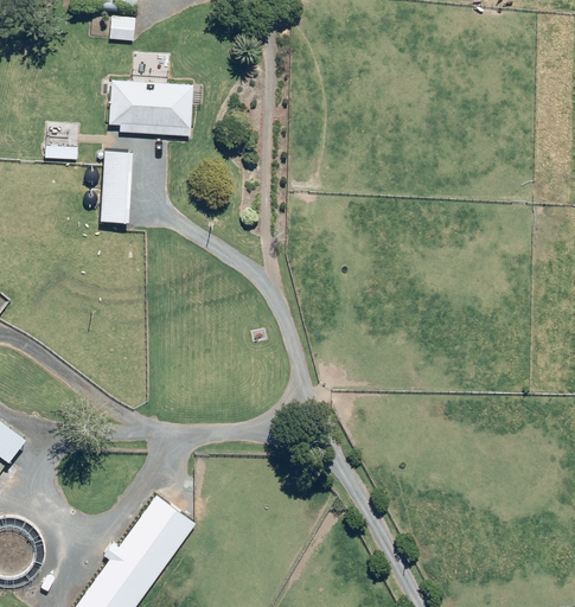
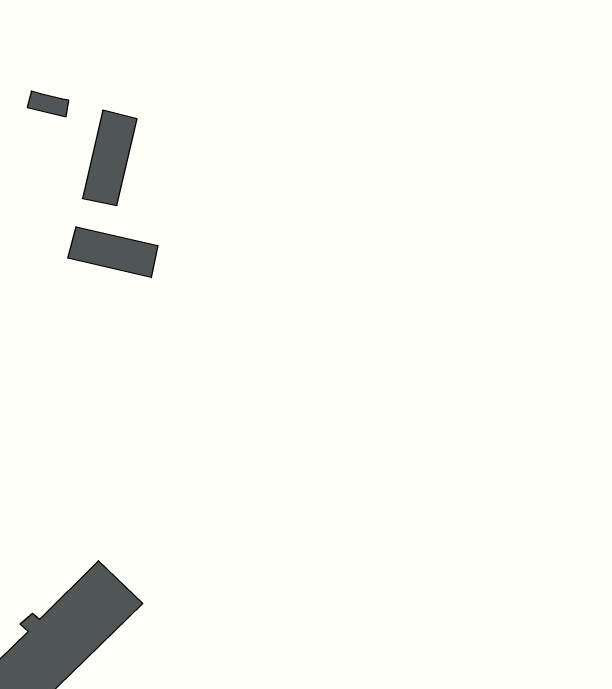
building: [109,81,193,136] -> none
building: none -> [68,227,158,278]

